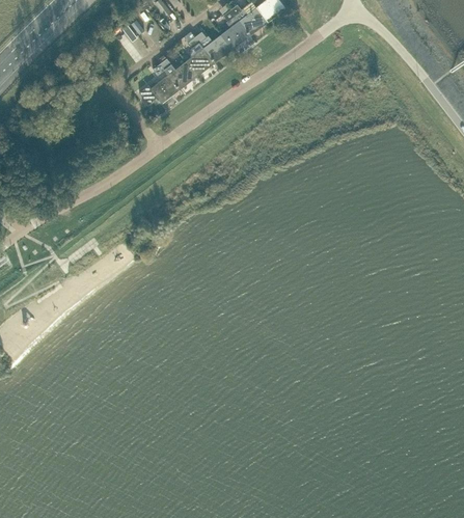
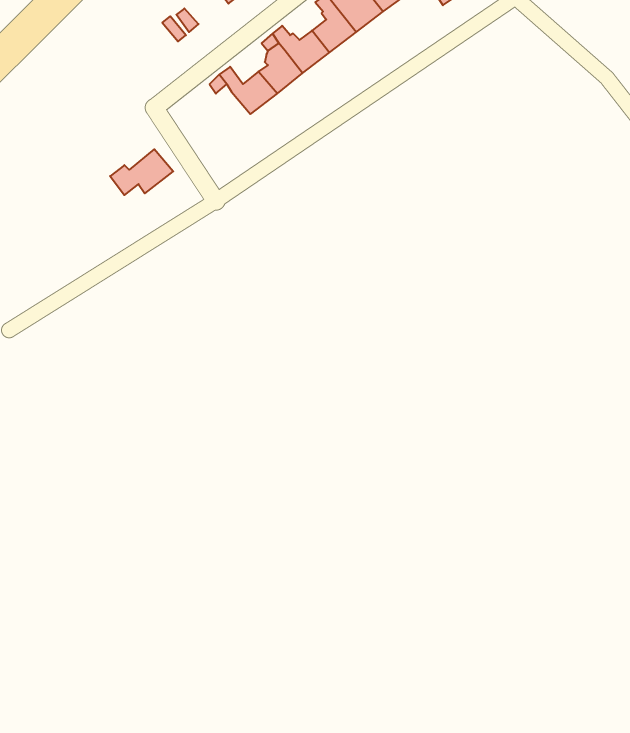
building: [140,73,182,103] -> [110,149,173,195]

